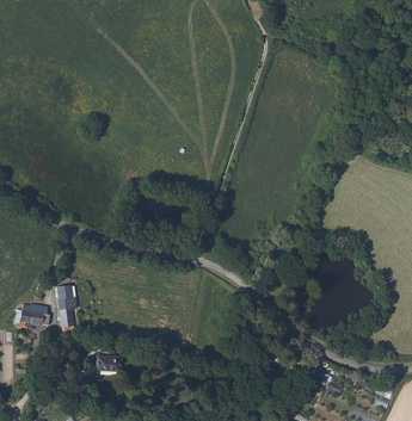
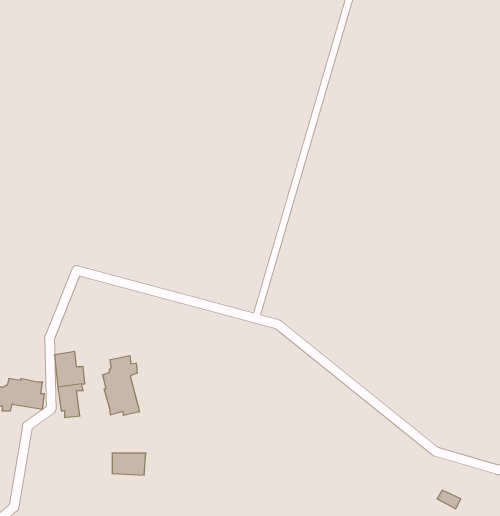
building: none -> [103,356,139,416]

